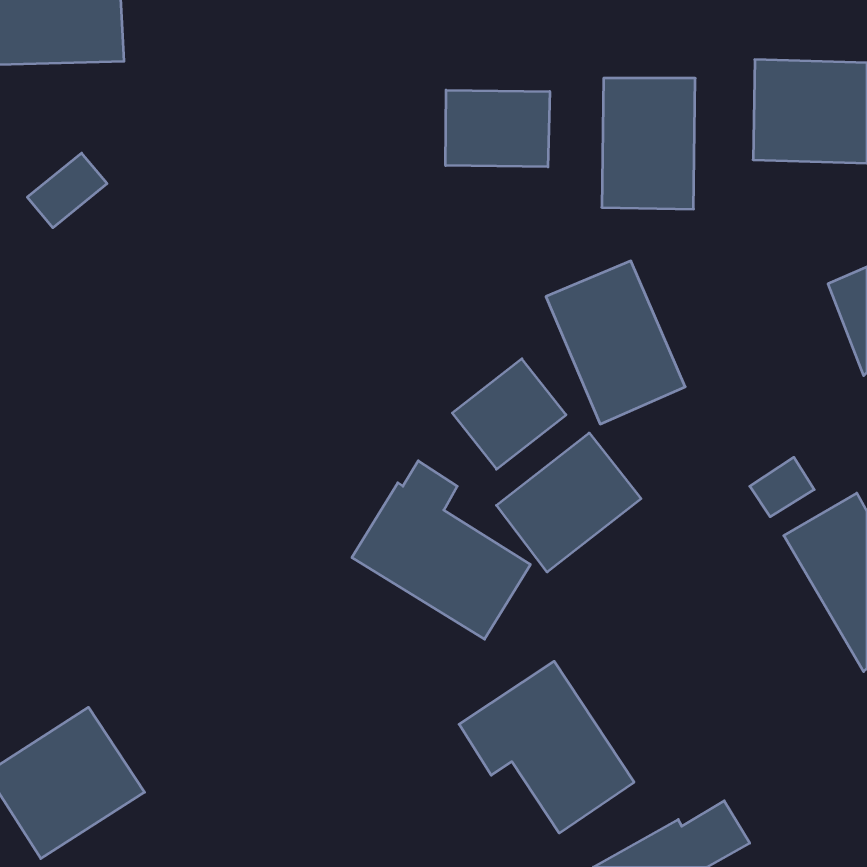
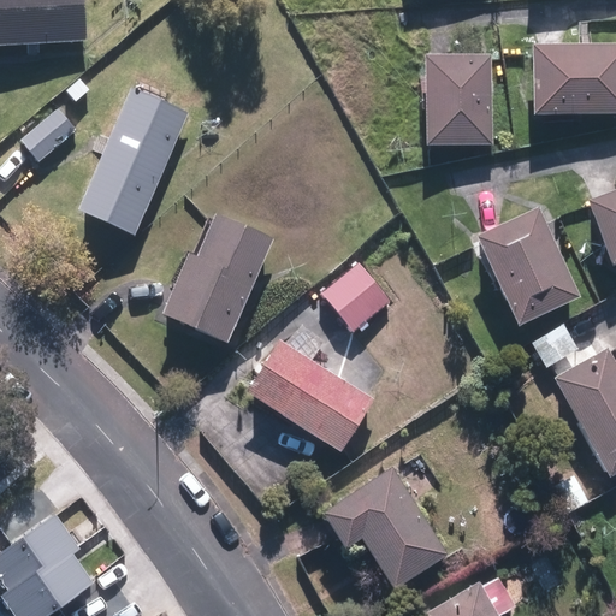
building: [446,90,550,167] -> none
building: none -> [79,89,190,236]
building: [546,261,685,424] -> [476,209,575,325]
building: none -> [165,214,274,342]
building: [496,433,641,572] -> none

